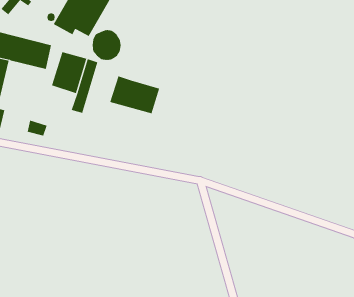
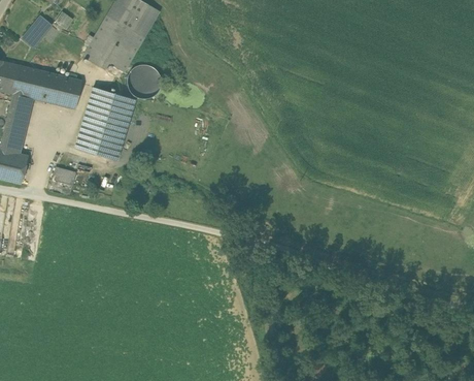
building: [110,75,160,114] -> none
building: none -> [75,127,109,155]

